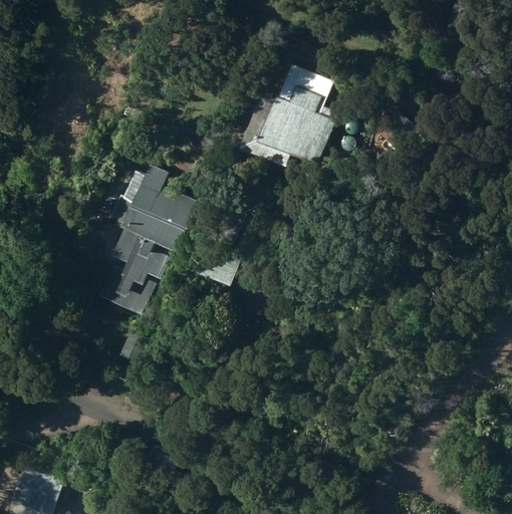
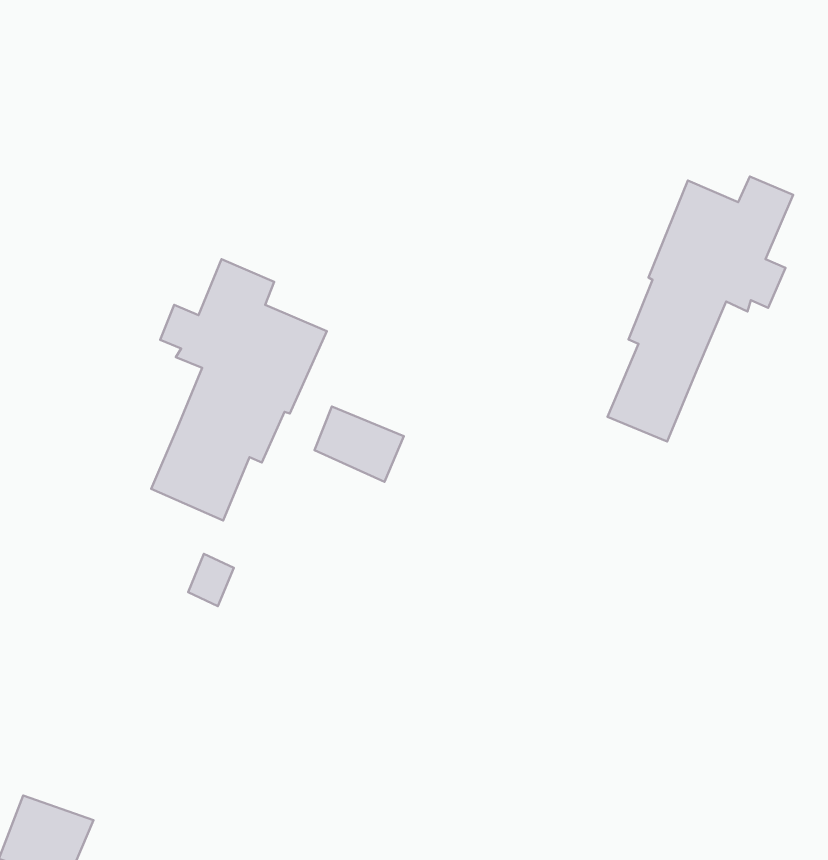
building: [252,88,333,163] -> none
building: none -> [607,176,793,442]

